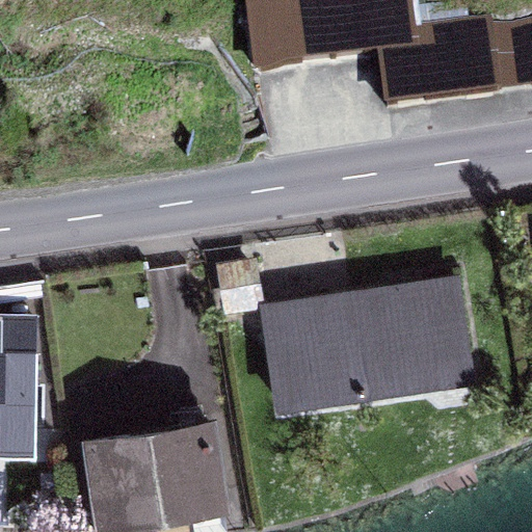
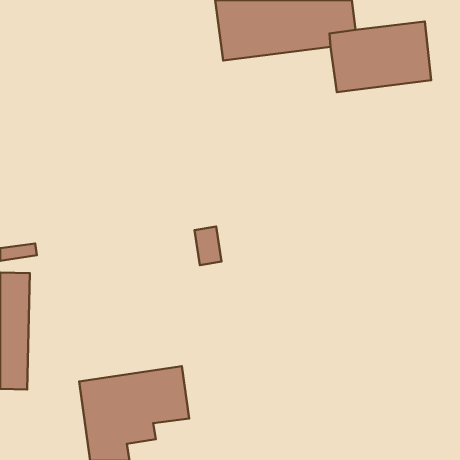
building: [271,275,468,405] -> none

